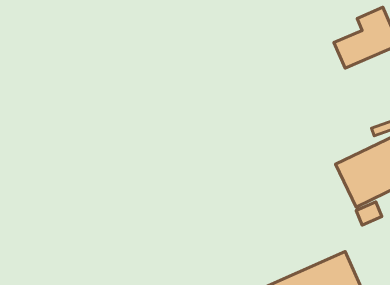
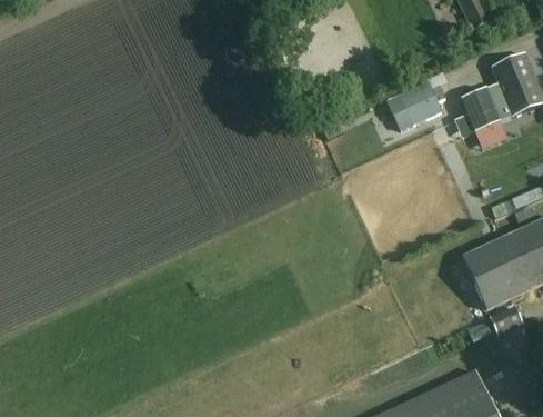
building: none -> [384,81,445,131]

